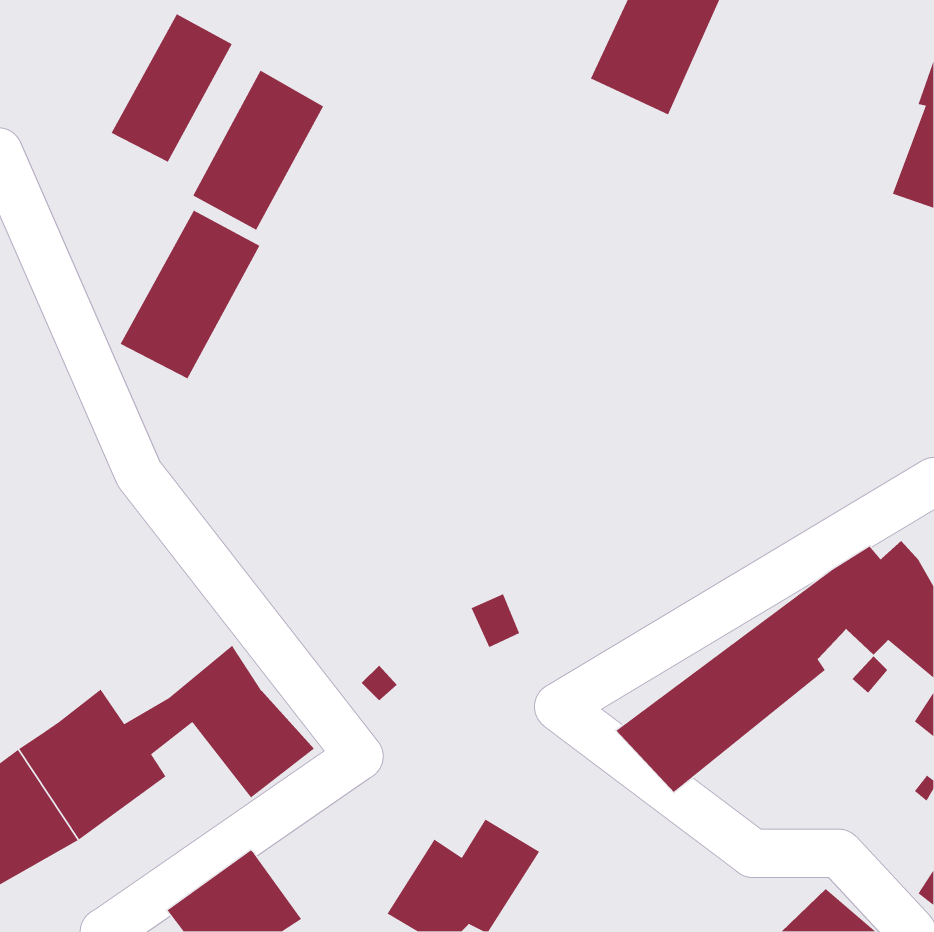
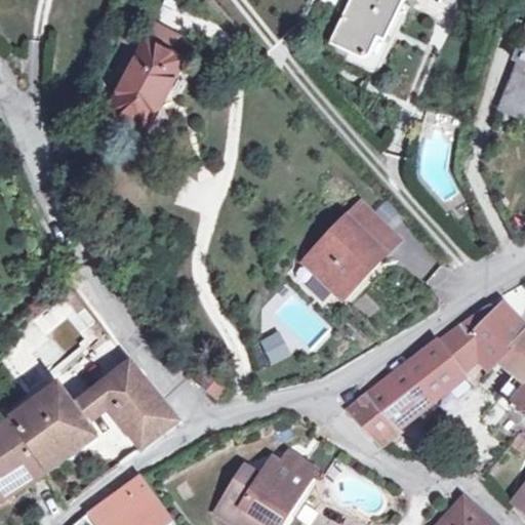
building: [111,13,233,163] -> none
building: [120,209,260,379] -> none
building: none -> [306,203,399,289]

